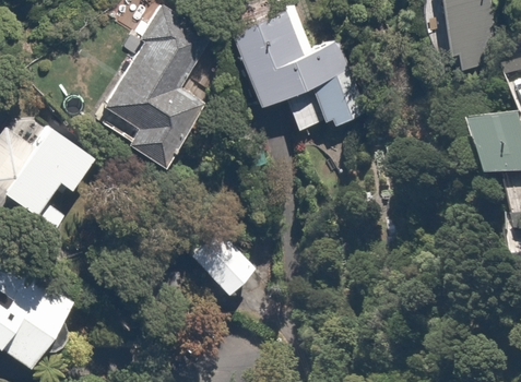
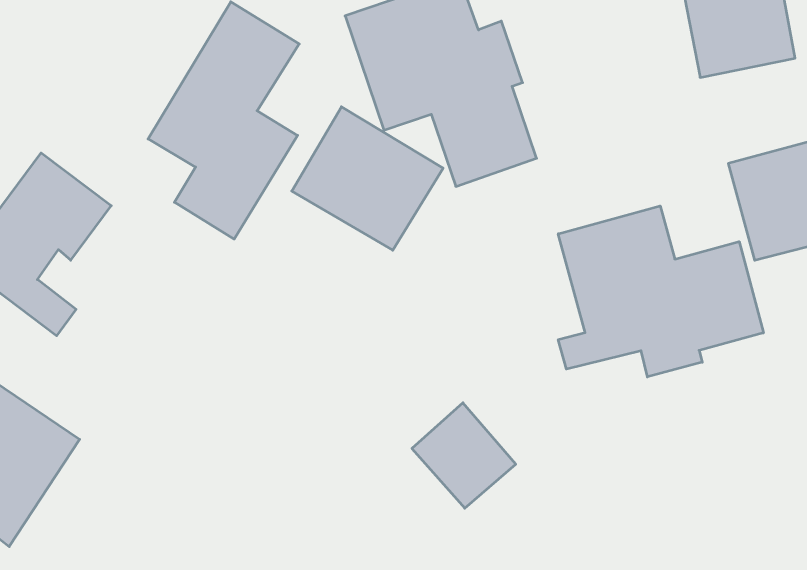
building: none -> [292,107,443,250]
building: none -> [558,206,763,377]
building: [189,225,253,290] -> [412,403,516,508]

